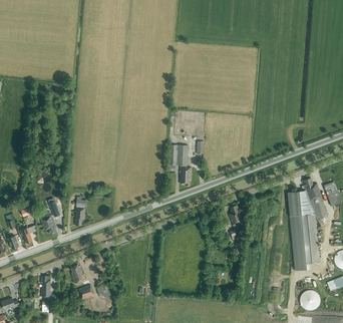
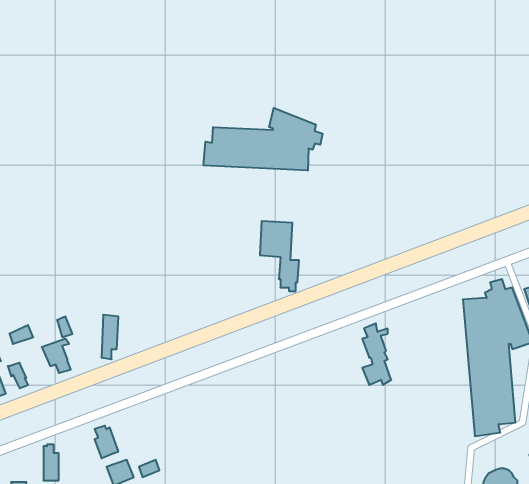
building: none -> [203,108,323,171]

